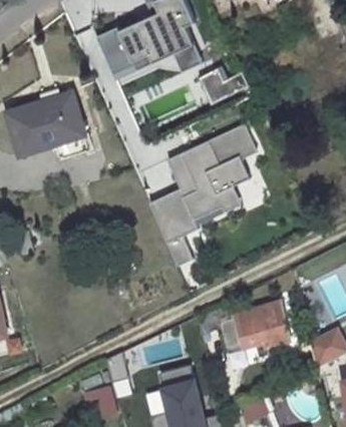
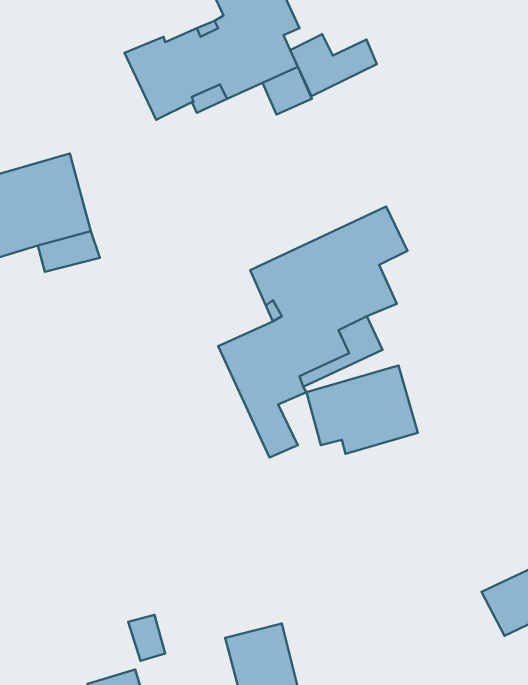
building: [203,67,252,102] -> [290,34,377,96]
building: [227,303,290,353] -> [307,366,418,454]

